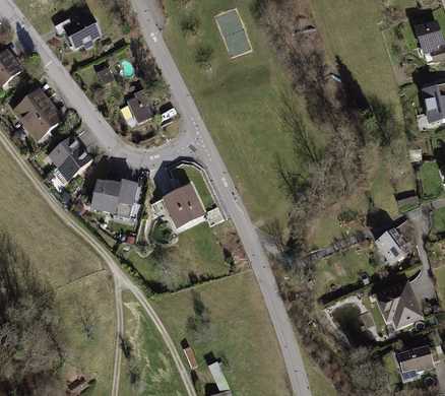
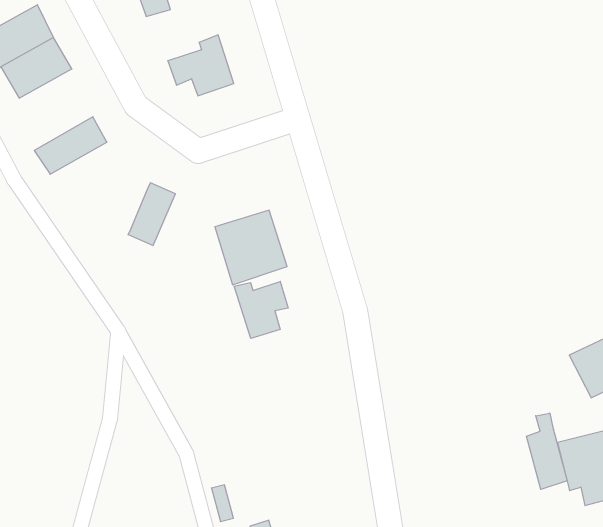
building: [47,134,82,168] -> none
building: [90,177,120,208] -> none
building: none -> [234,281,288,338]
building: none -> [527,413,567,489]

